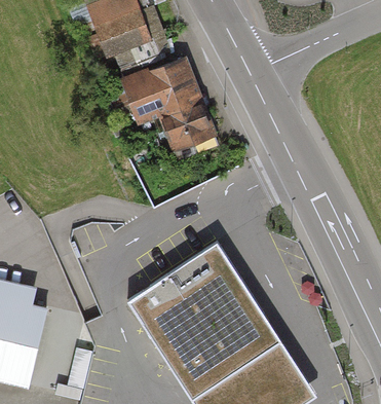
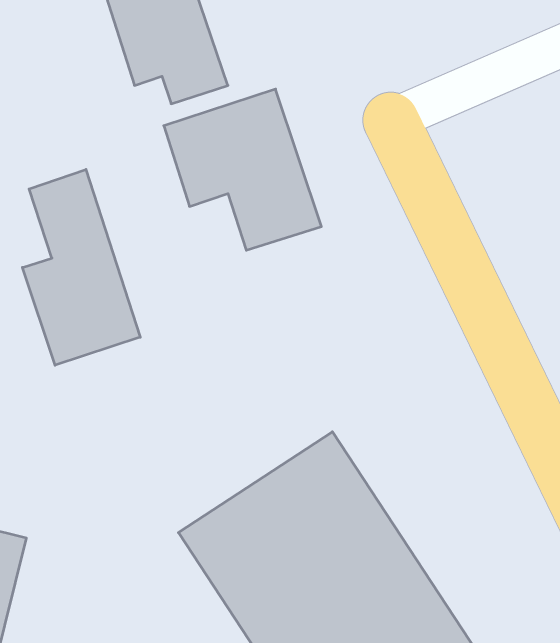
building: none -> [22,169,140,365]

